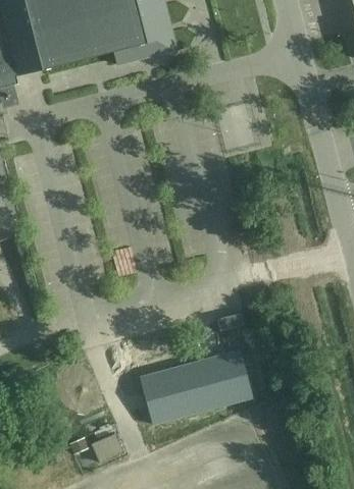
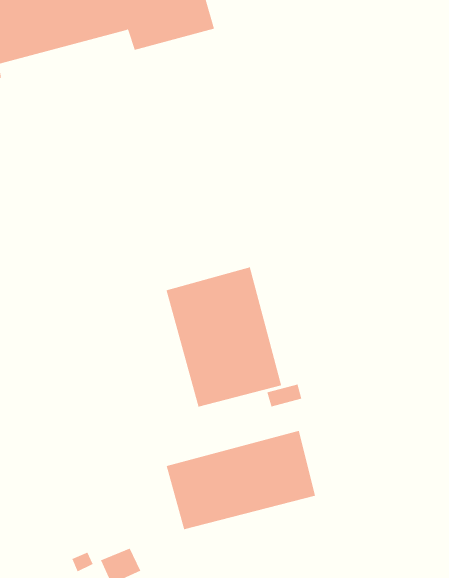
building: none -> [166,266,282,408]

